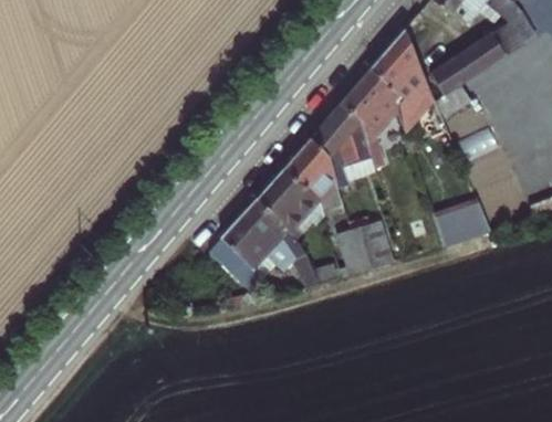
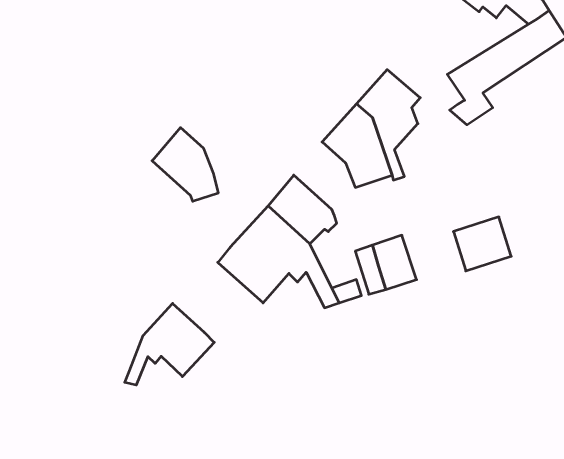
building: [369,31,434,131] -> none
building: [285,134,345,200] -> [152,128,218,201]
building: none -> [125,303,214,385]

